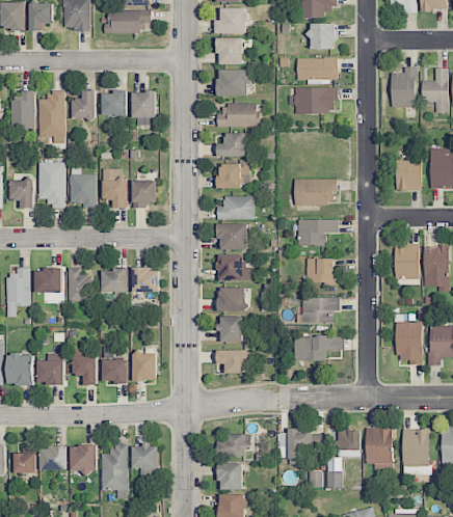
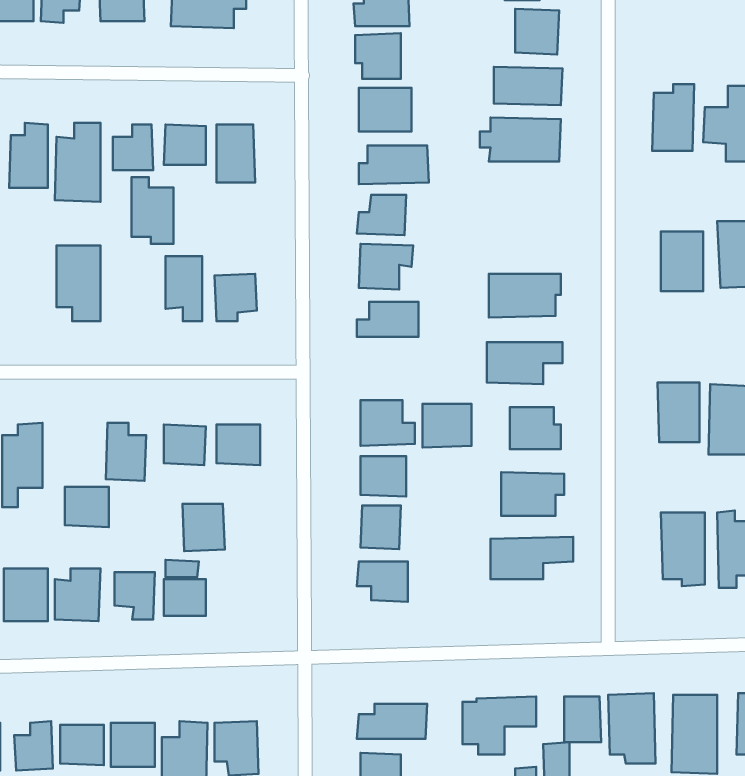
building: [71,168,96,208] -> [131,177,174,244]
building: [10,181,33,208] -> none
building: [218,224,247,250] -> [422,404,472,448]
building: [35,269,61,293] -> [65,487,109,527]
building: [132,353,157,381] -> [183,504,225,551]

